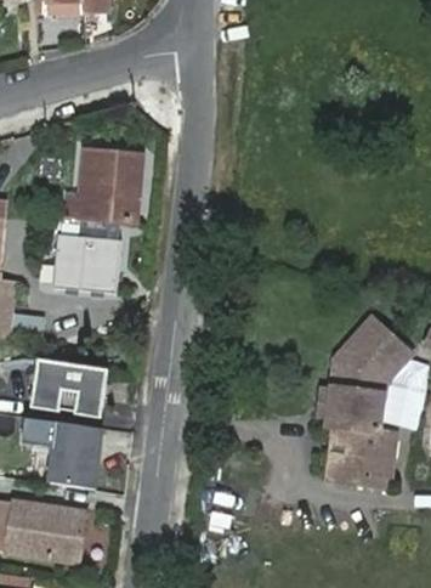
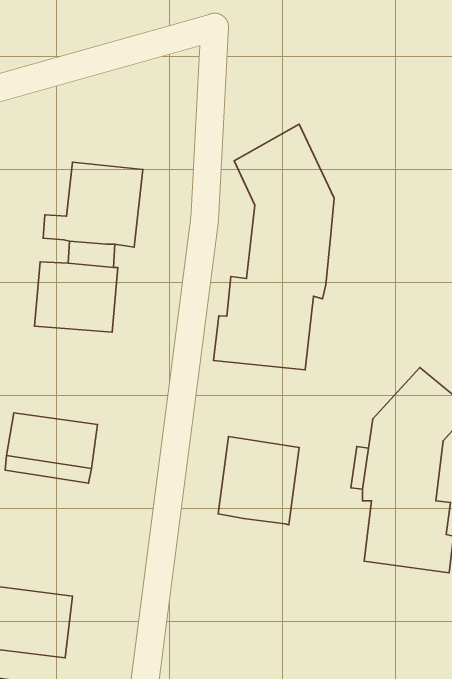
building: none -> [213,124,334,370]
building: none -> [218,437,299,525]
building: [45,422,100,488] -> none

